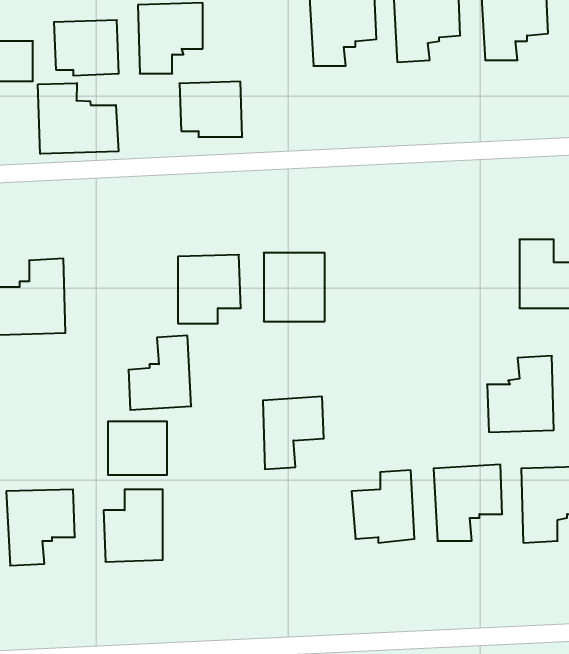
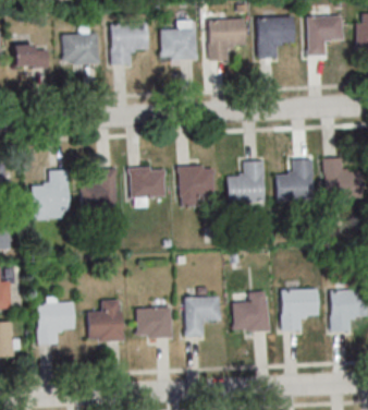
building: [179,82,242,137] -> [159,27,195,59]
building: [38,83,118,154] -> none
building: none -> [225,159,263,203]
building: [128,336,191,410] -> [79,167,115,209]
building: [487,356,554,432] -> [274,158,312,202]
building: [263,397,324,469] -> [183,296,218,337]
building: [108,421,167,475] -> [138,308,172,338]

